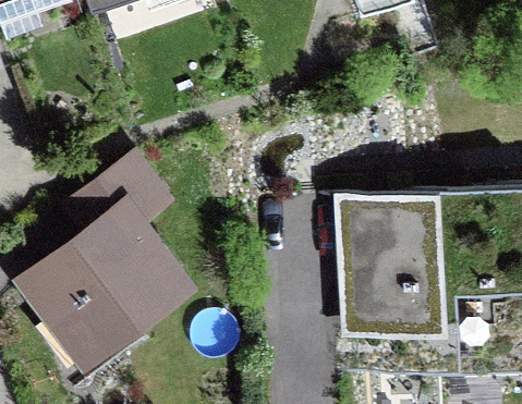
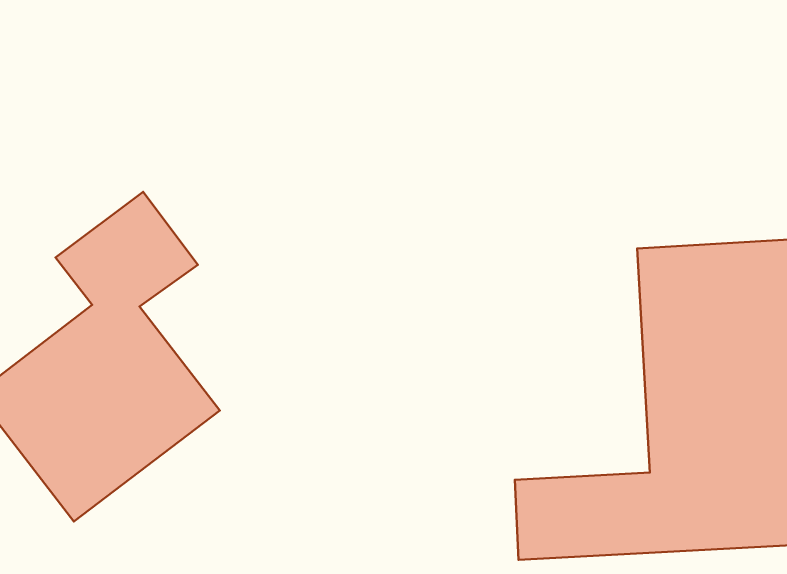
building: [350,185,438,323] -> none

